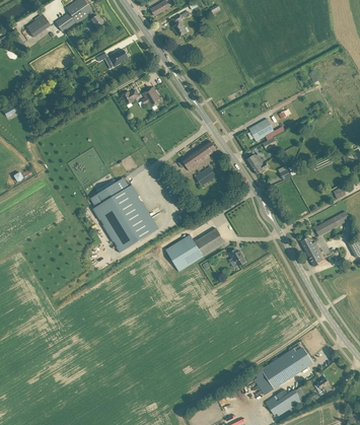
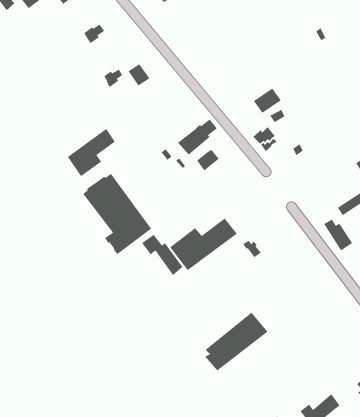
building: none -> [67,128,116,177]
building: none -> [141,234,184,276]
building: [254,344,311,394] -> [204,311,269,372]

